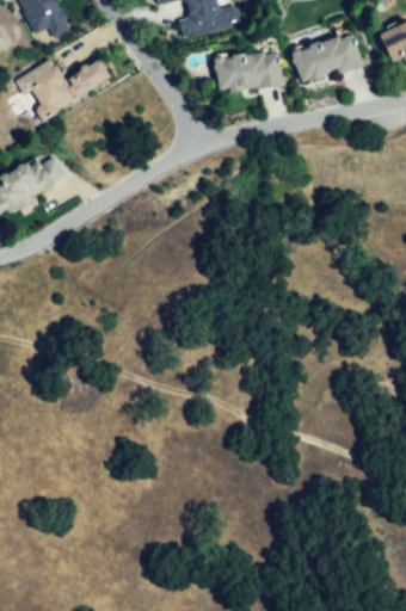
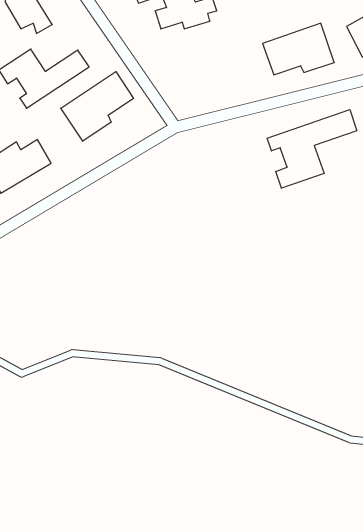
building: [216,49,285,92] -> none
building: none -> [61,72,133,141]
building: none -> [267,110,357,188]

